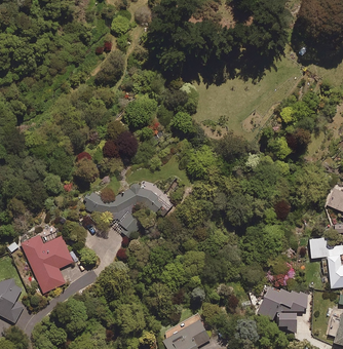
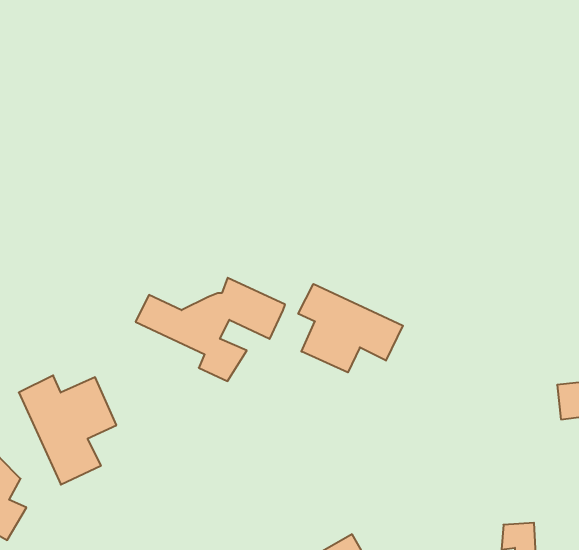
building: none -> [298,284,403,372]
building: [258,284,308,320] -> none

